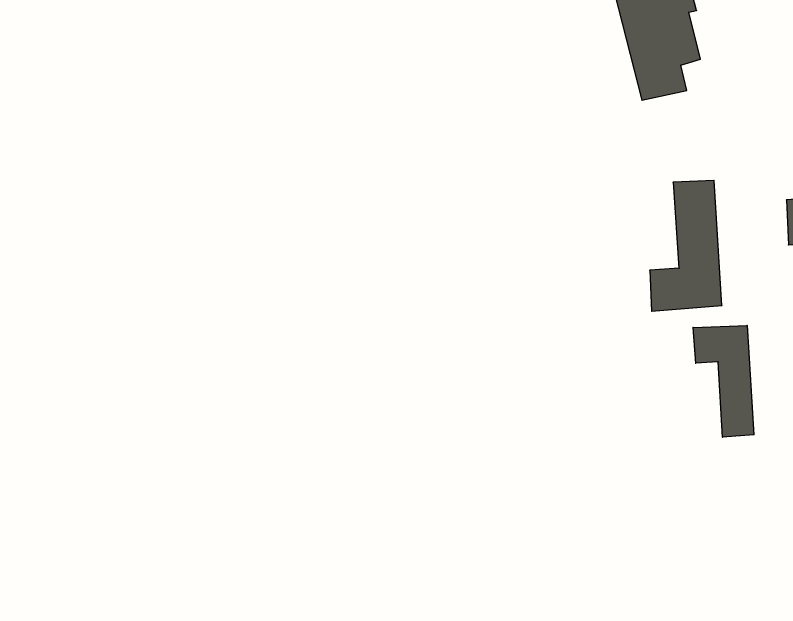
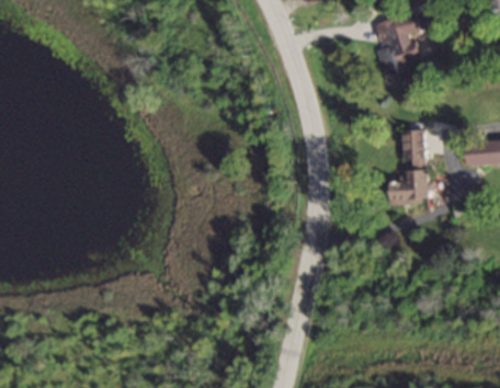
building: [693,325,754,437] -> none

